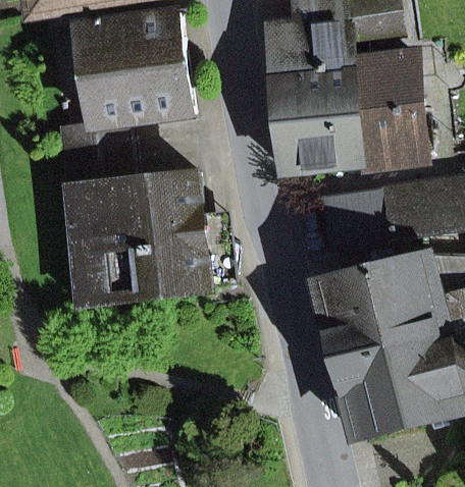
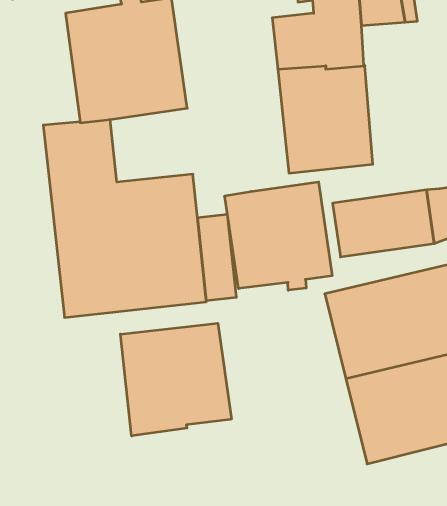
building: [349,52,416,164] -> none
building: none -> [225,182,332,290]
building: none -> [120,323,231,436]

